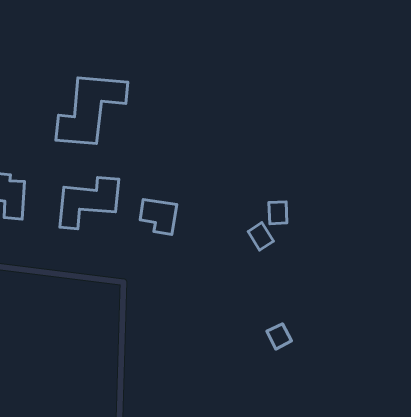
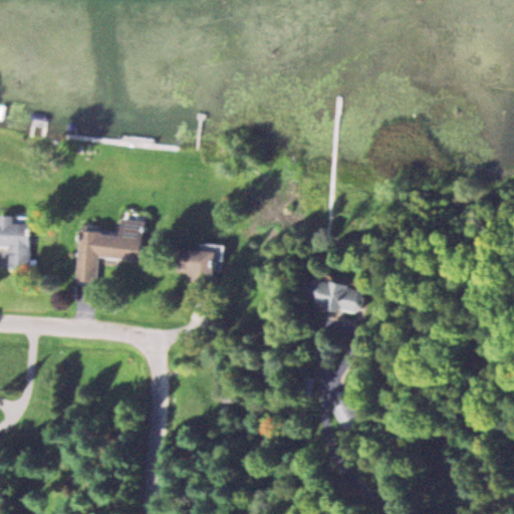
building: [56,78,128,144] -> none
building: [269,202,287,224] -> [337,285,359,312]

